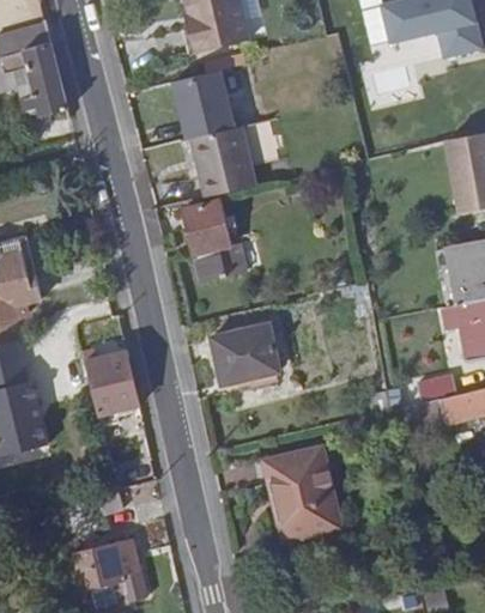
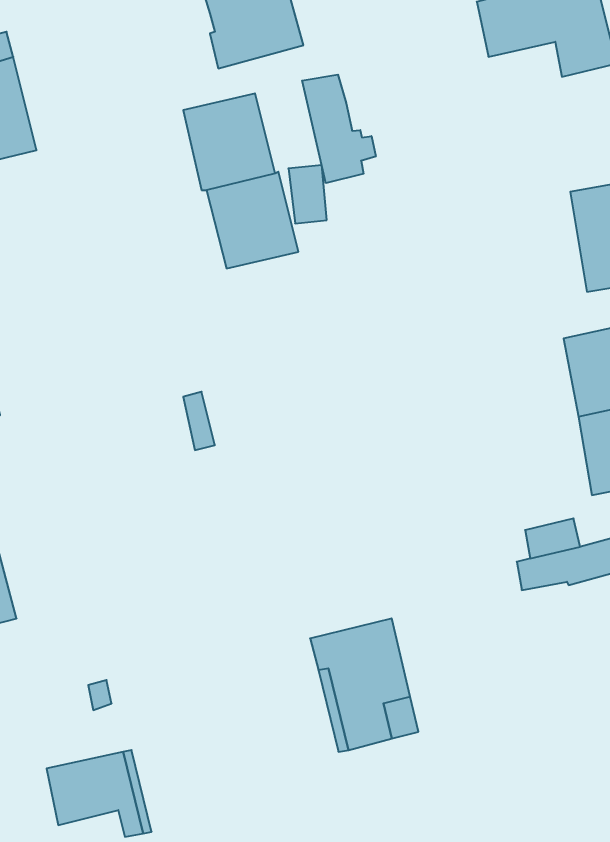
building: none -> [302,75,376,183]
building: [180,200,247,280] -> none
building: [210,323,278,387] -> none
building: [86,350,139,413] -> none

